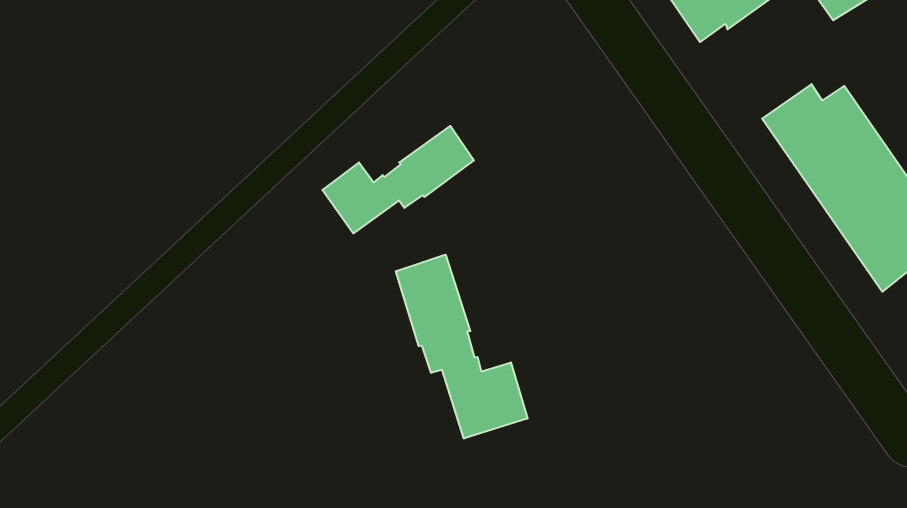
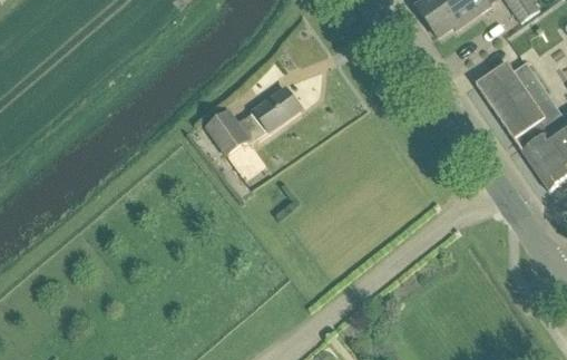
building: [396,255,528,439] -> none

